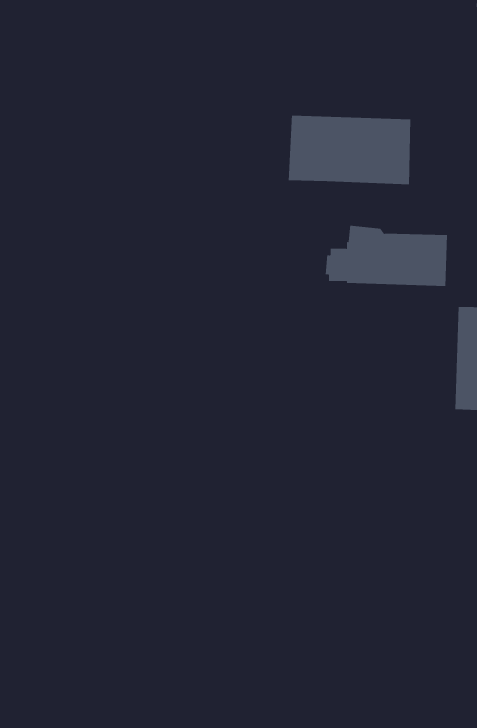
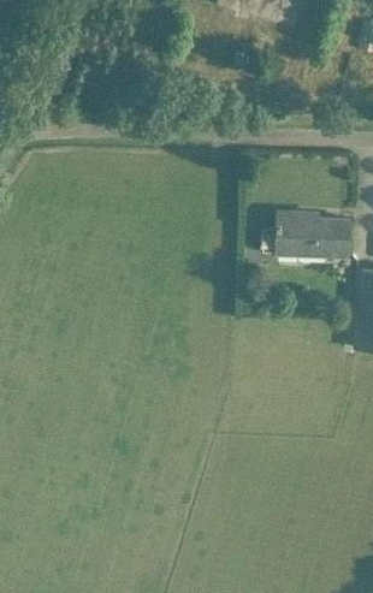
building: [288,115,411,185] -> none

